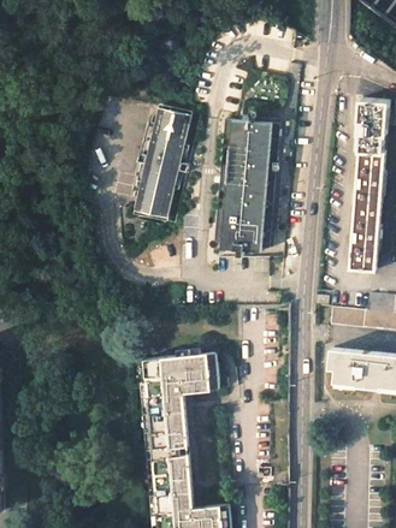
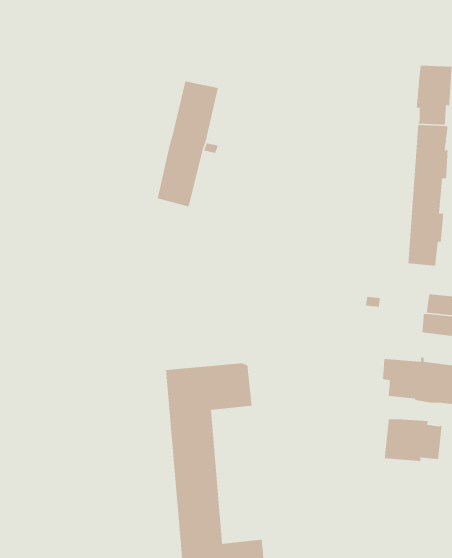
building: [213,121,279,261] -> none
building: [329,307,364,327] -> none
building: none -> [384,418,442,462]

